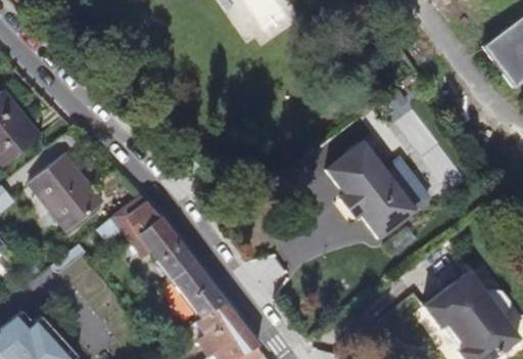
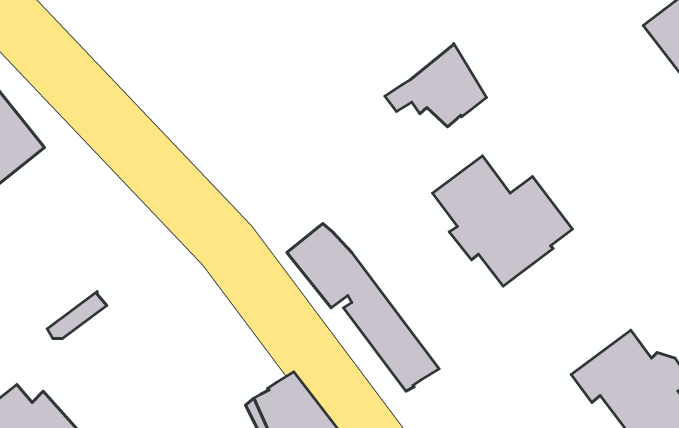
building: none -> [385,44,487,127]
building: [29,154,102,230] -> none
building: [112,194,225,318] -> [287,223,439,391]

